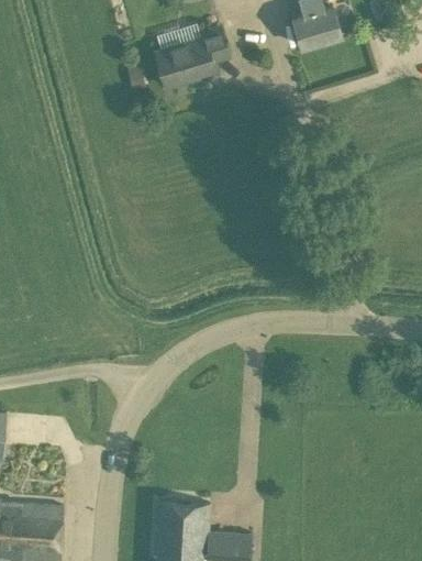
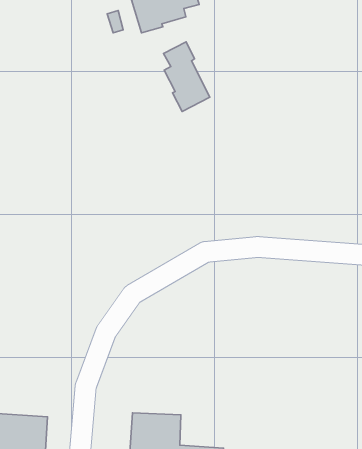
building: none -> [164,42,210,111]

